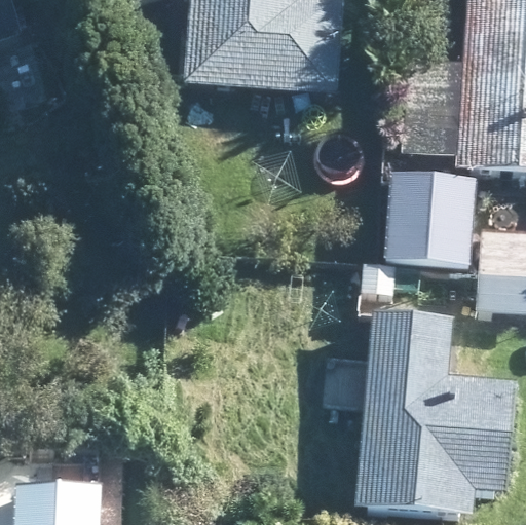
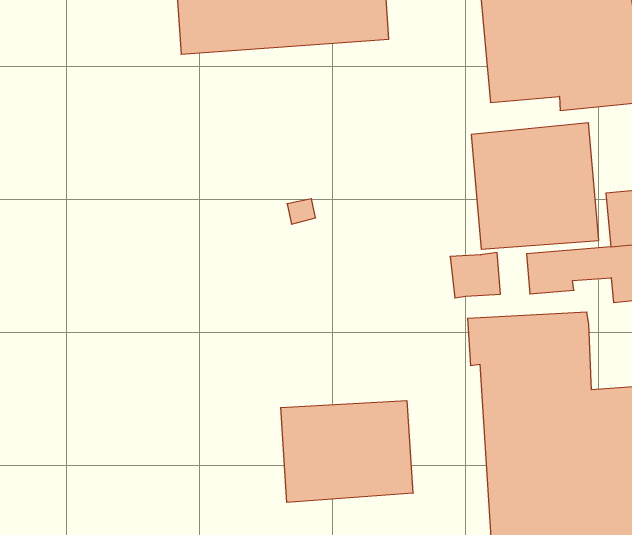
building: none -> [281,401,413,502]

